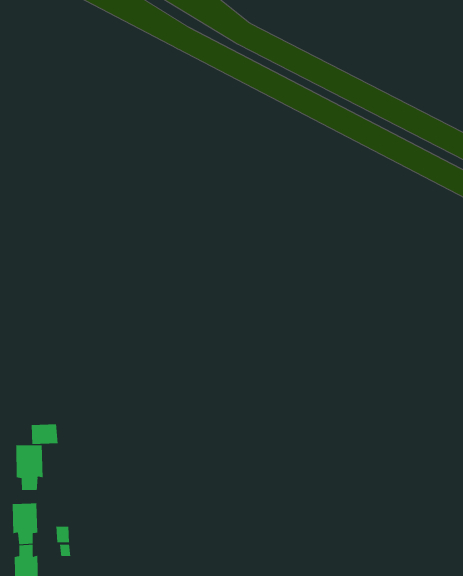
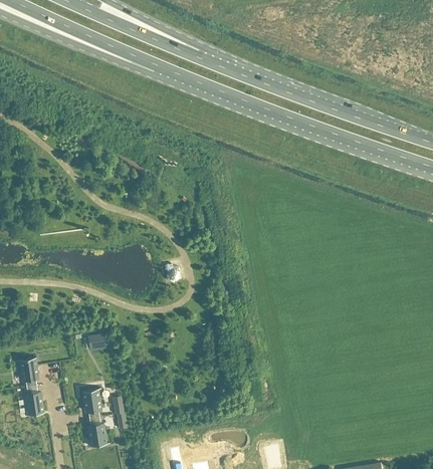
building: [12,444,43,491] -> none

